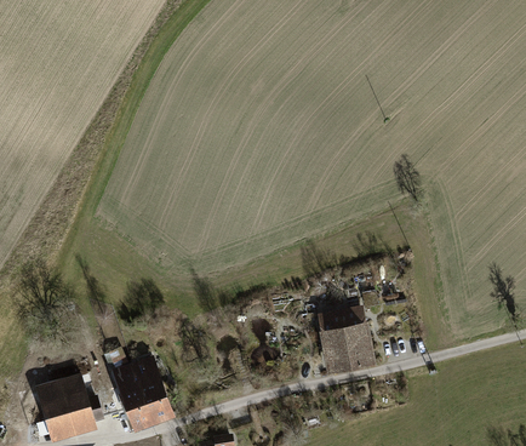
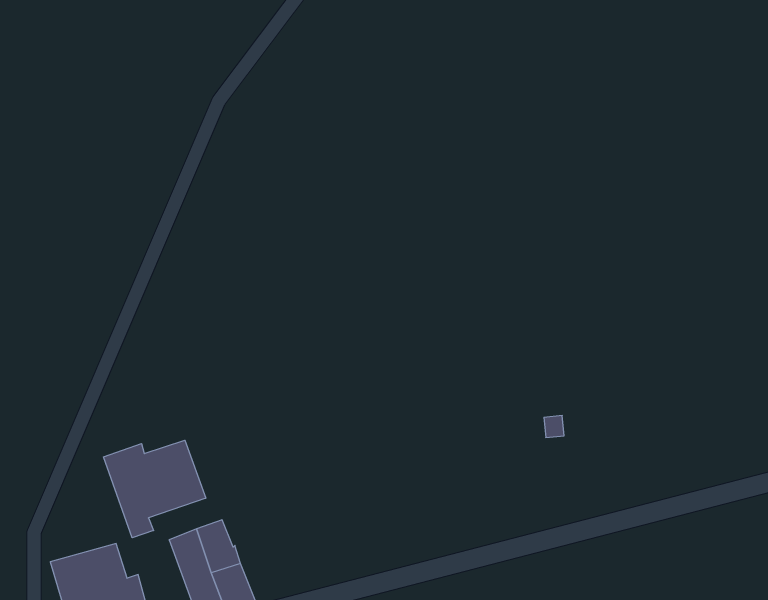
building: none -> [104,440,206,538]
building: [322,313,371,373] -> none

